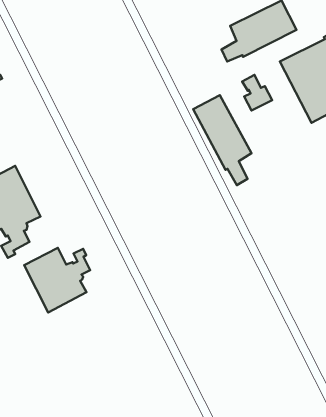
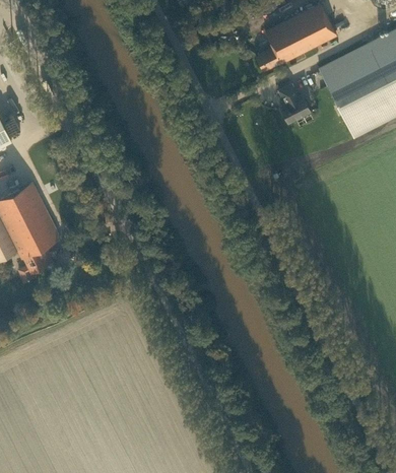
building: [193,95,252,185] -> none
building: [24,248,90,312] -> none

